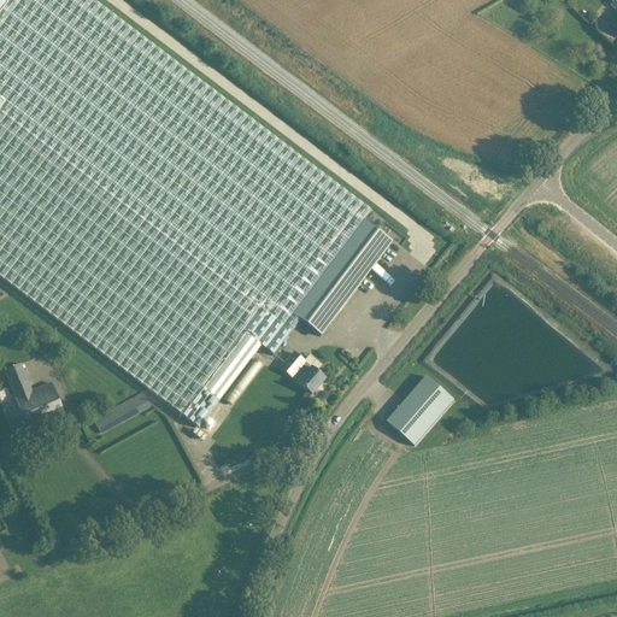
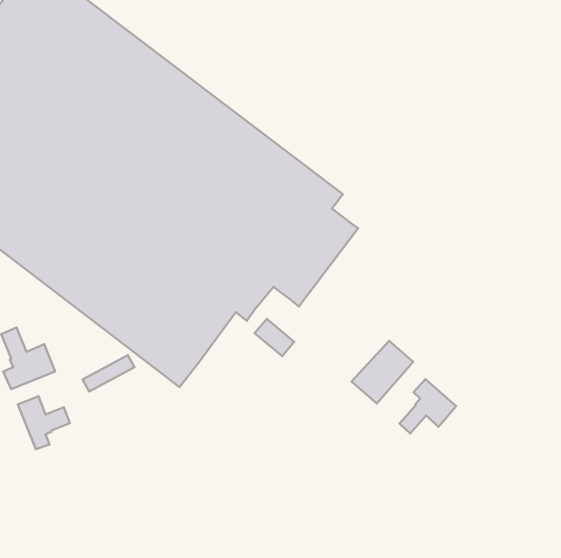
building: none -> [400,379,456,433]
building: none -> [18,396,70,449]

